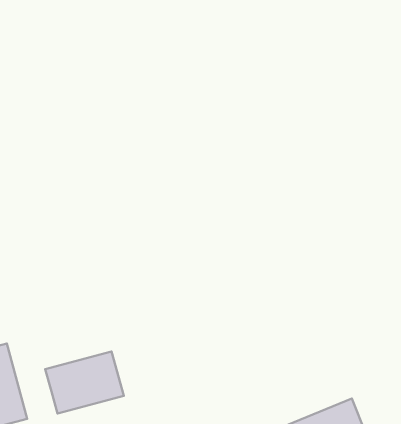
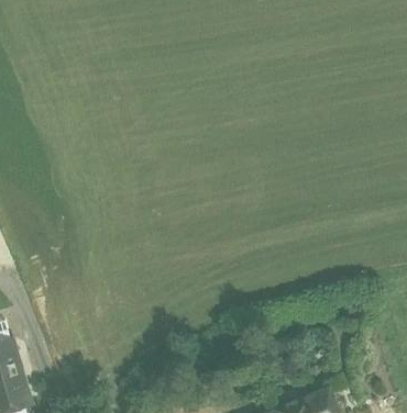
building: [45,351,124,414] -> none

